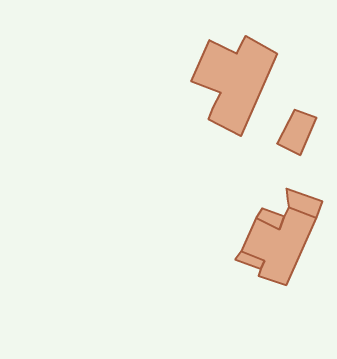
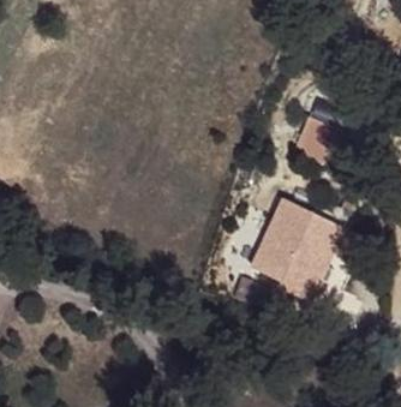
building: [191,36,277,136] -> none

